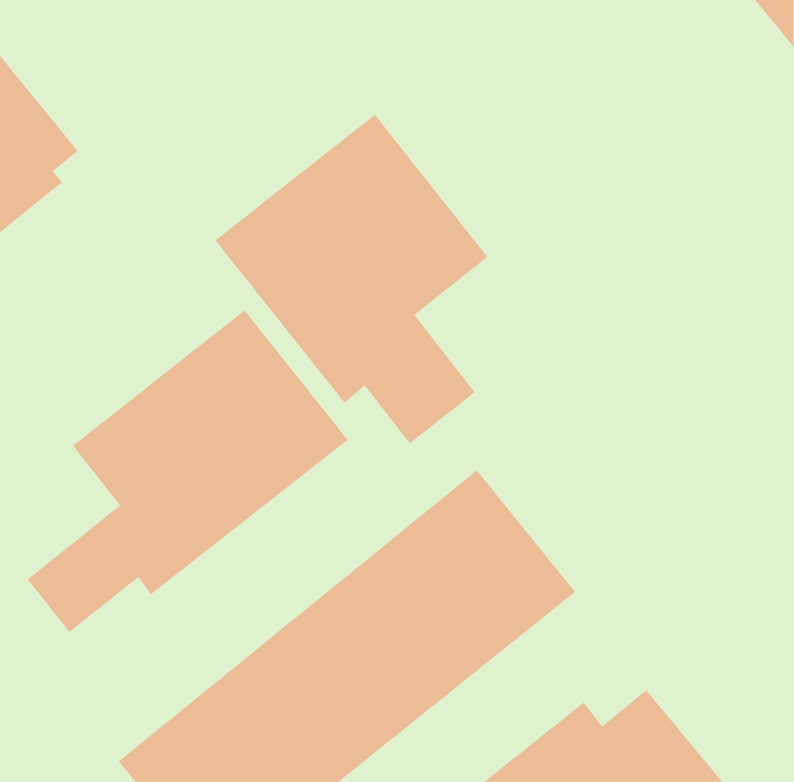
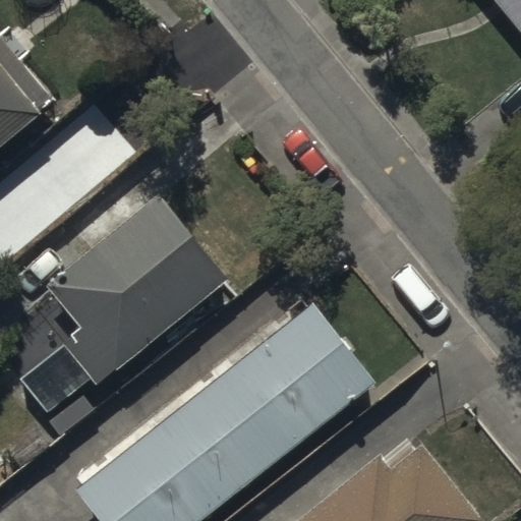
building: [214,114,488,444] -> none

